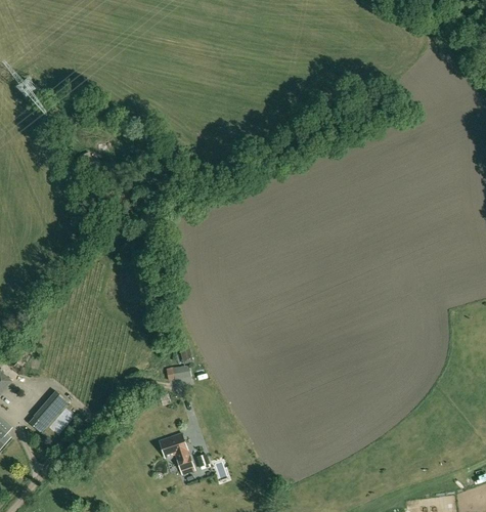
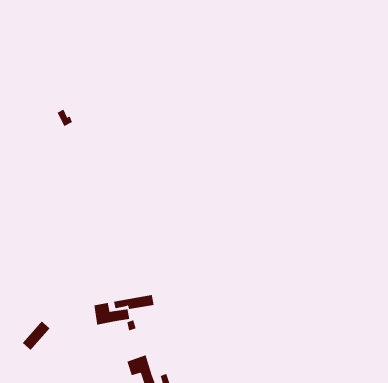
building: none -> [94,302,130,326]

